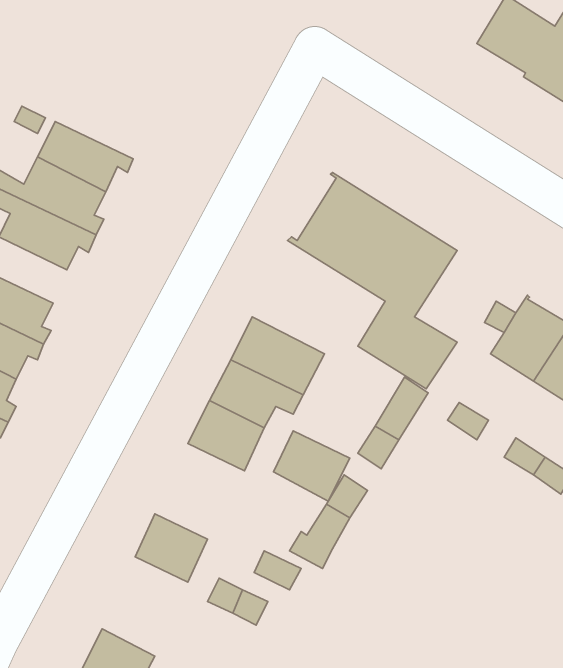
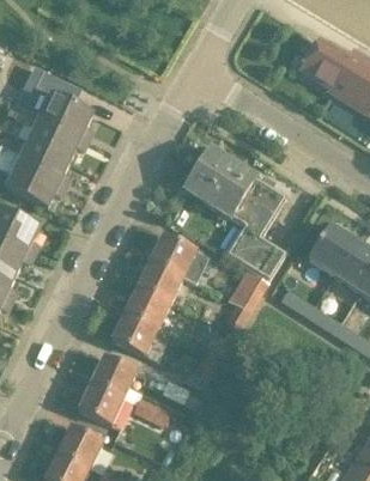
building: none -> [37,69,93,139]
building: [274,431,350,501] -> [110,313,157,357]
building: none -> [78,383,122,425]

